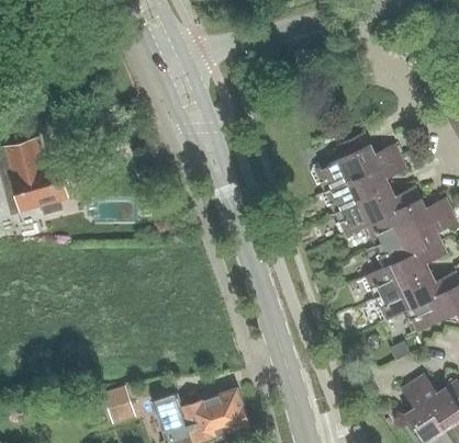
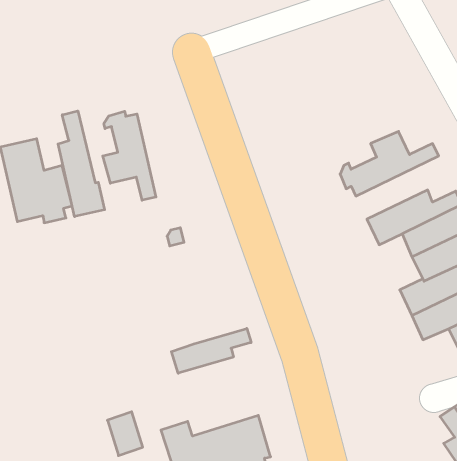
building: none -> [58,111,105,217]
building: none -> [103,111,156,200]
building: [326,155,407,212] -> none
building: none -> [171,328,251,373]

